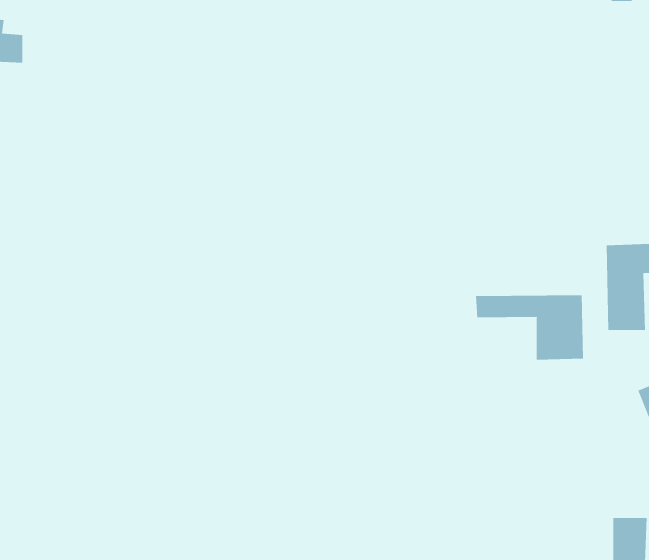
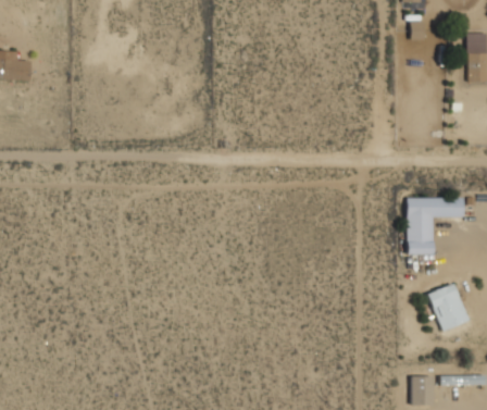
building: [476,295,583,361] -> none

